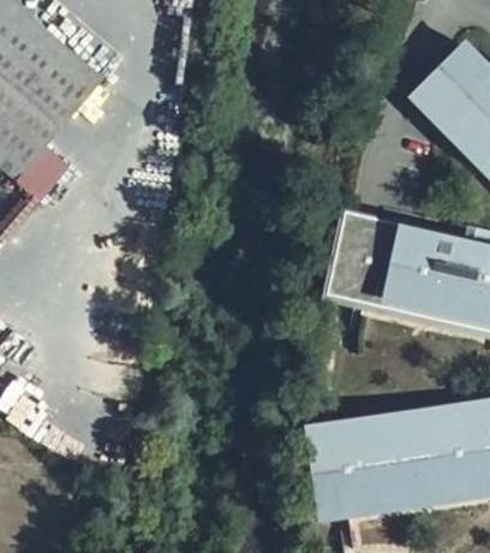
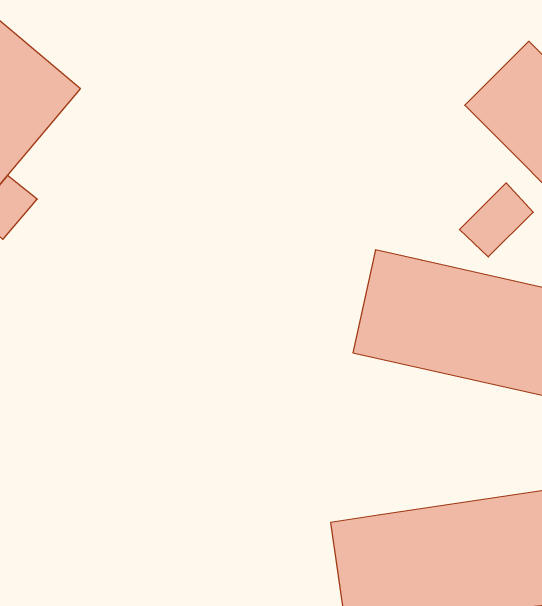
building: none -> [459,183,533,257]

